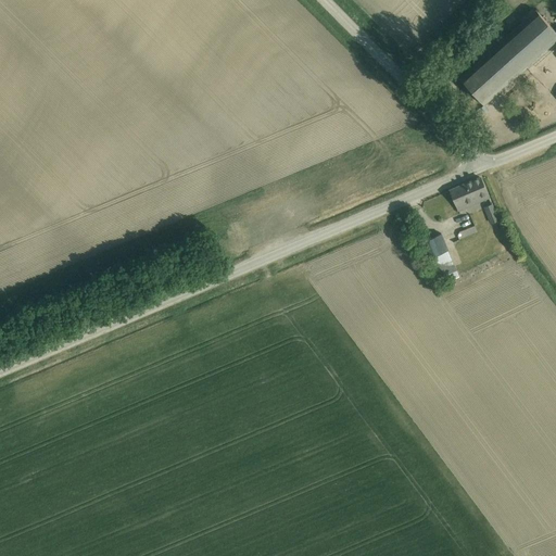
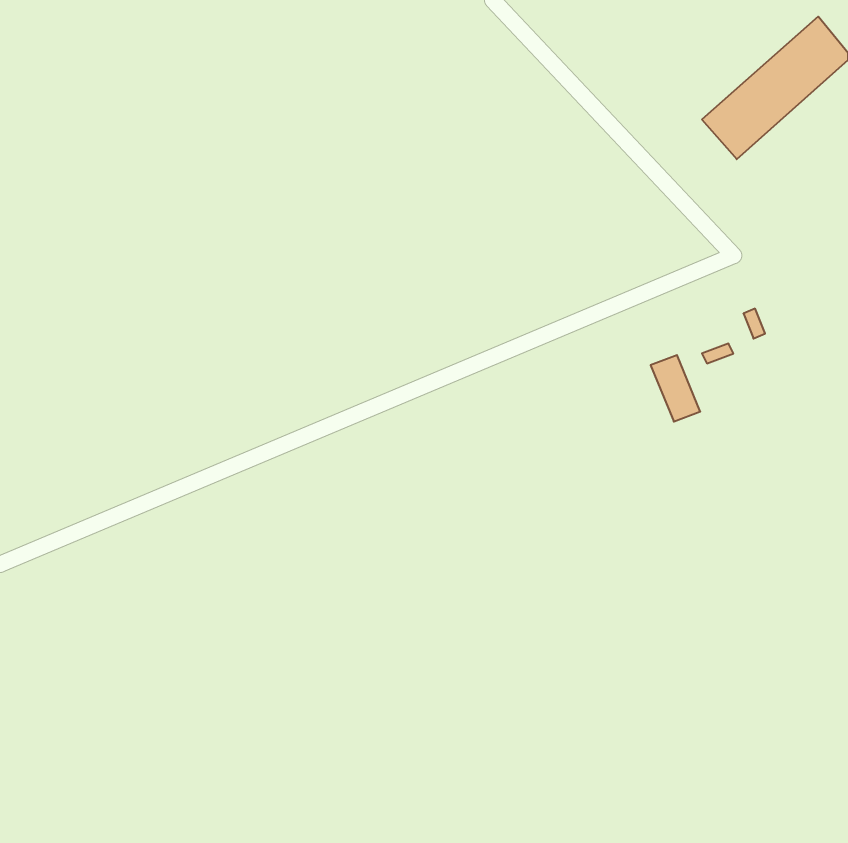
building: [452,180,491,205] -> none

